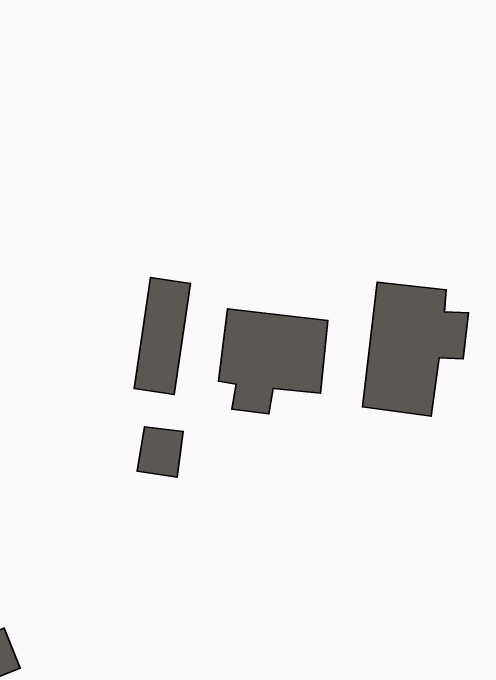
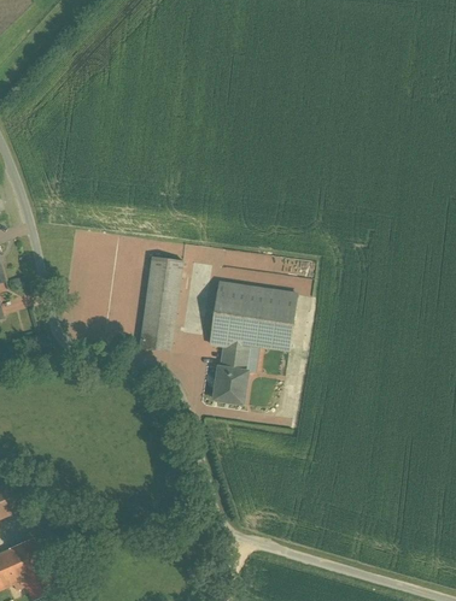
building: [363,282,469,416] -> none
building: [137,427,183,477] -> [212,369,250,409]

